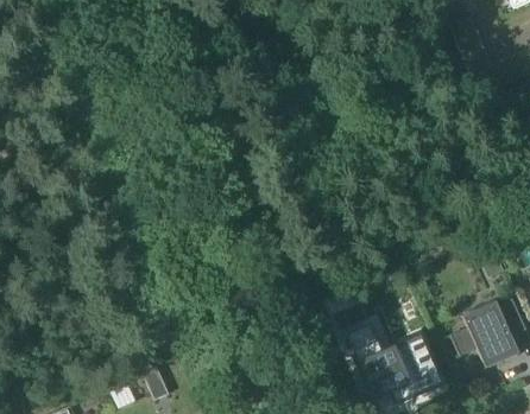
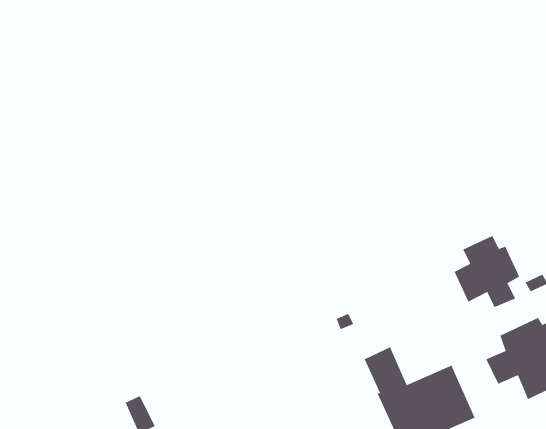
building: none -> [454,235,520,308]

